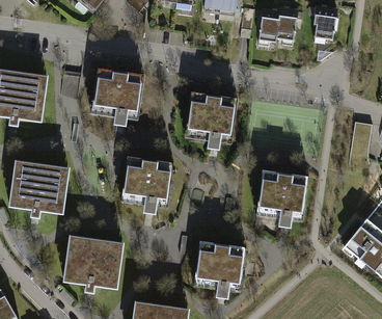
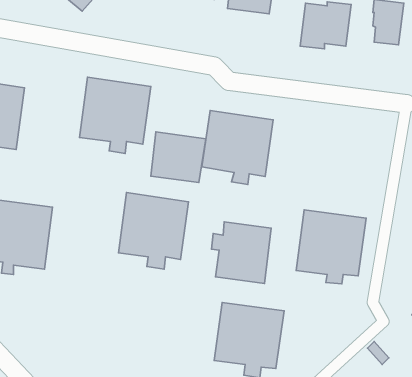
building: none -> [151,132,206,183]
building: none -> [211,222,271,284]
building: [61,233,122,292] -> none

